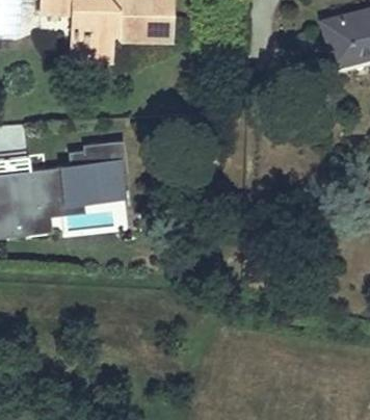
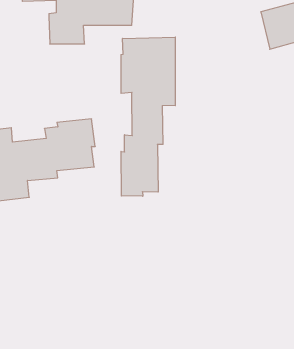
building: none -> [121,37,175,196]

